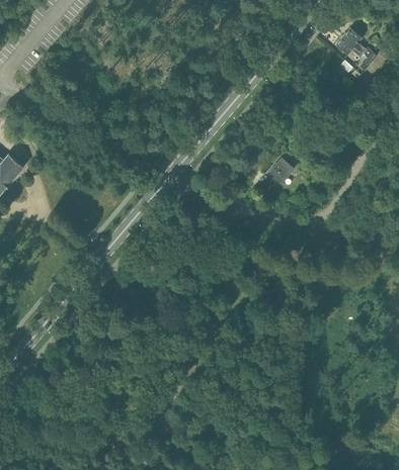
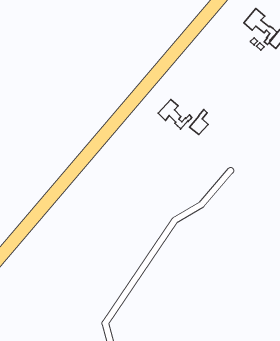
building: none -> [158,99,192,129]

